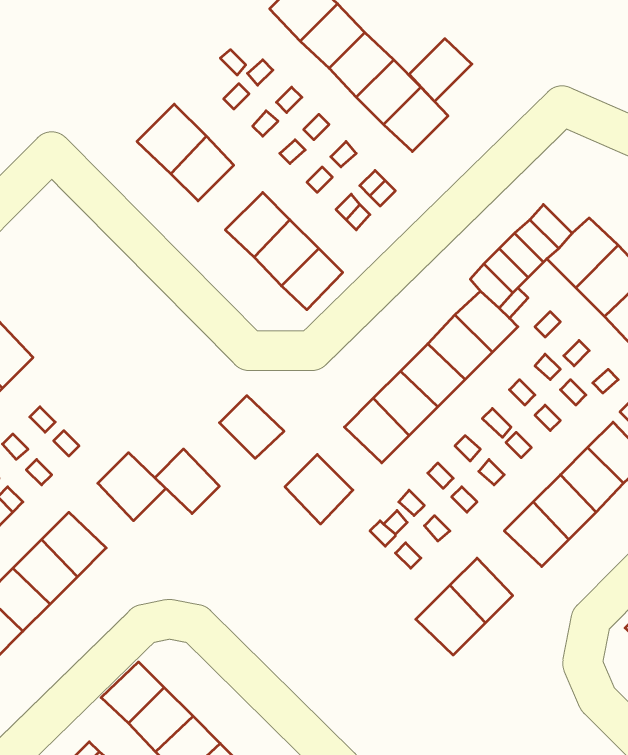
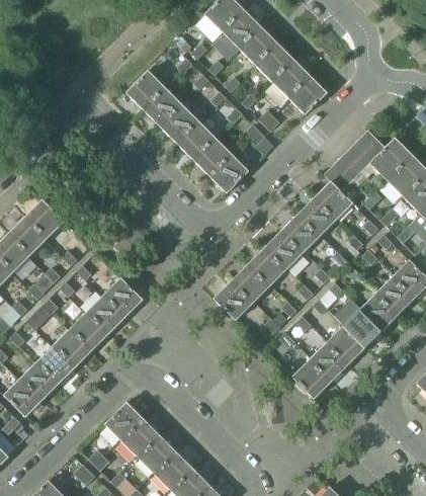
building: [409,39,472,101] -> [289,77,327,114]
building: none -> [162,98,207,145]
building: [219,396,284,458] -> [233,262,271,300]
building: [155,449,219,514] -> [85,296,123,334]
building: none -> [328,324,366,362]

